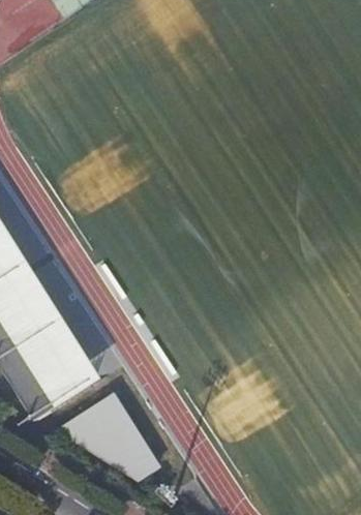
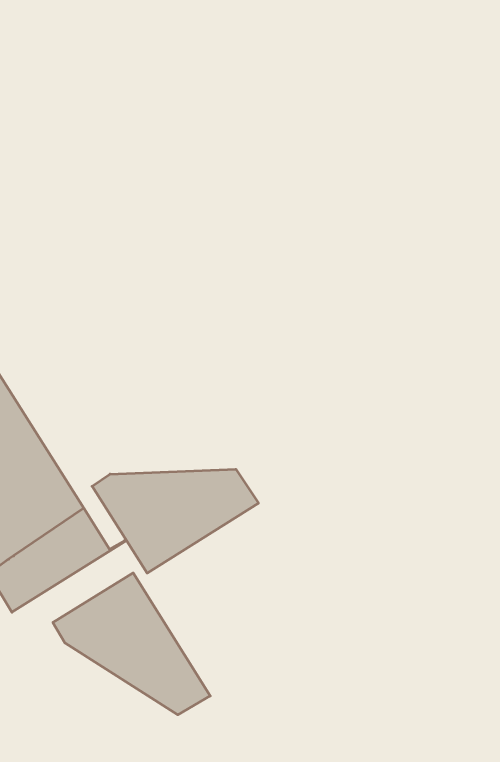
building: none -> [92,469,258,573]

